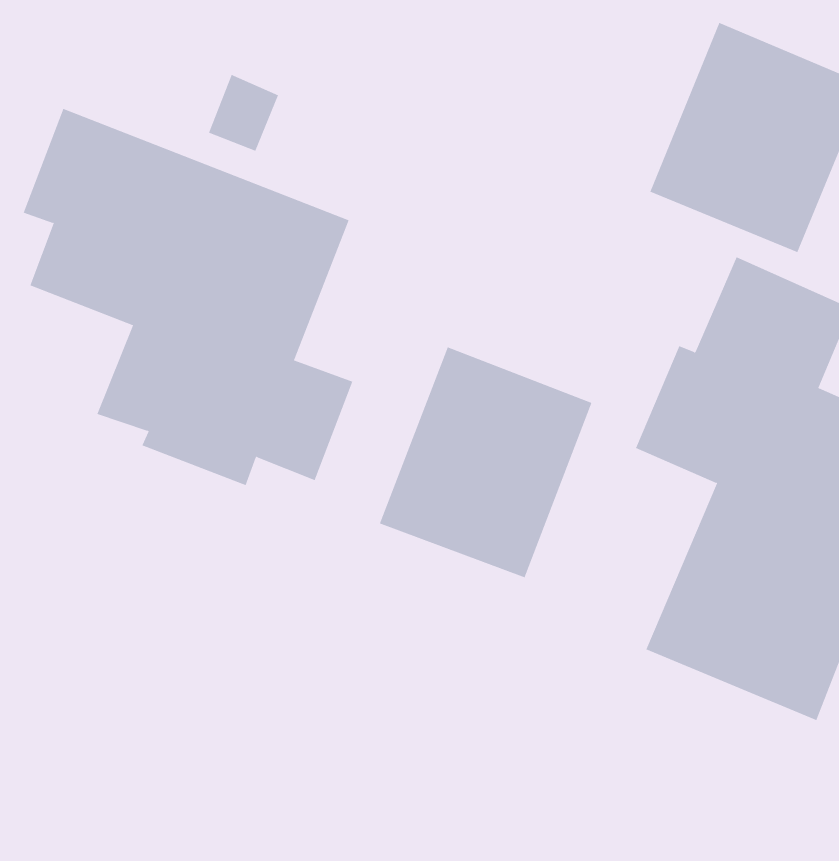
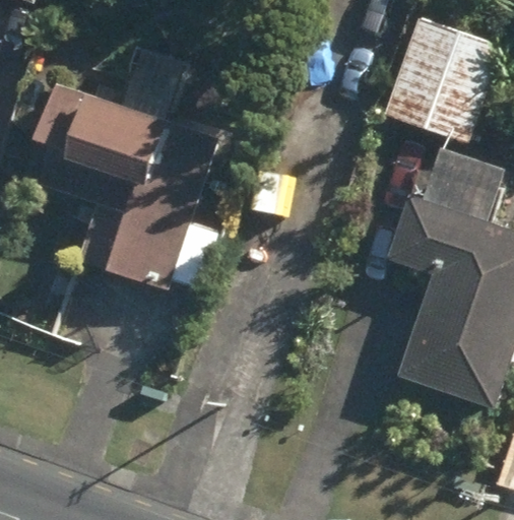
building: [379,347,592,578] -> none

